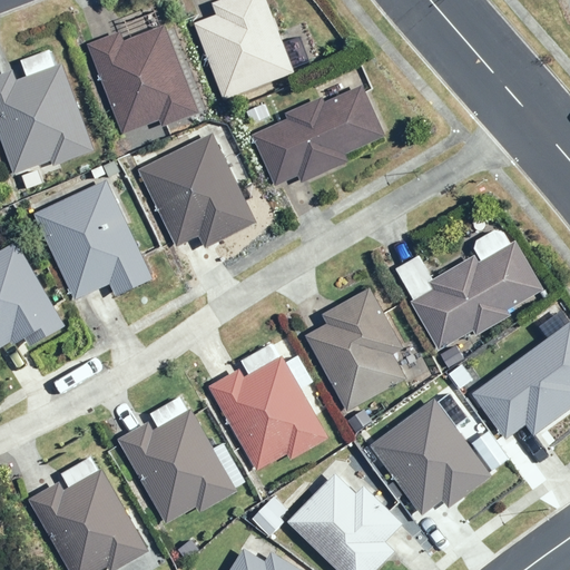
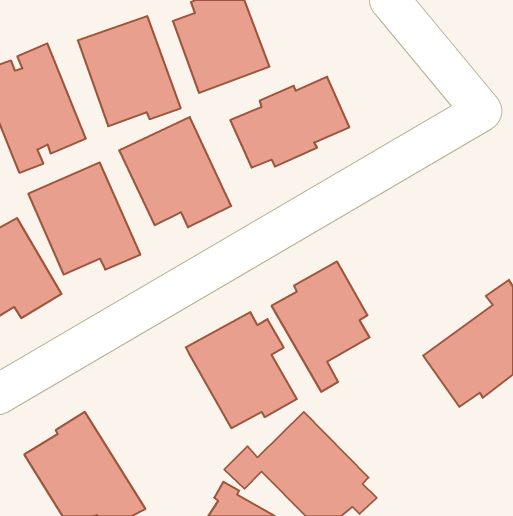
building: [389,229,546,366] -> none
building: [115,394,242,527] -> none
building: [372,399,489,513] -> none

